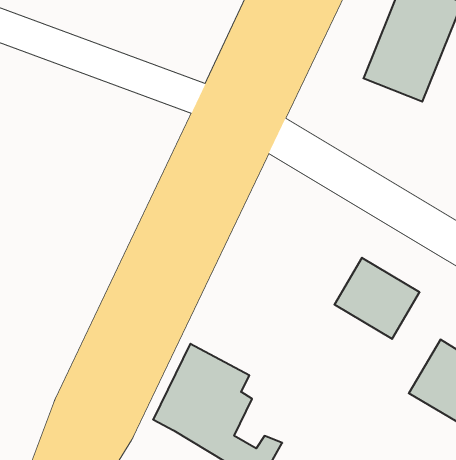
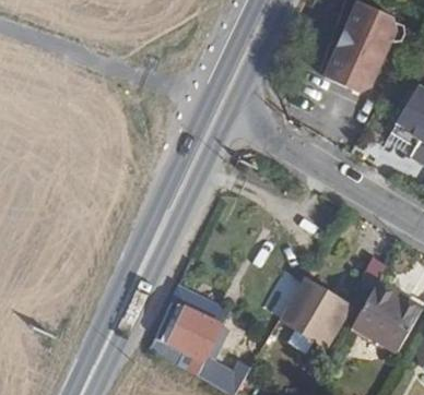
building: [334,258,420,339] -> [283,278,351,343]

